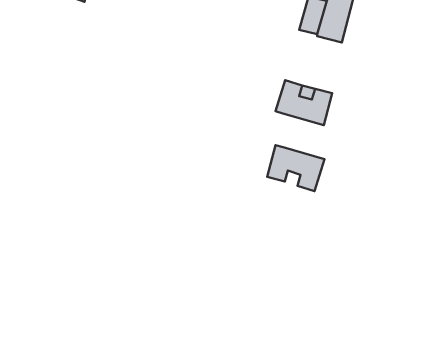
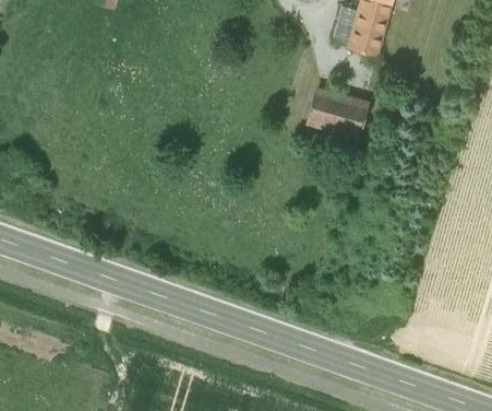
building: [267,145,325,191] -> none

